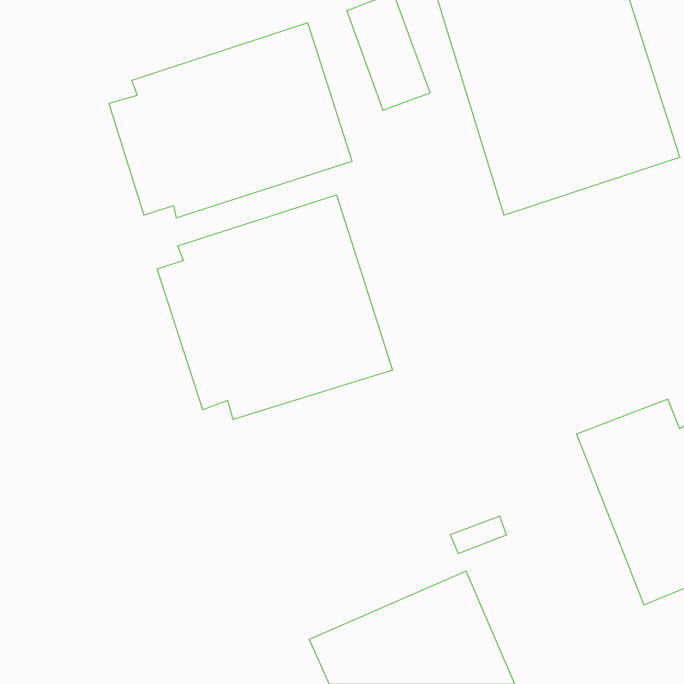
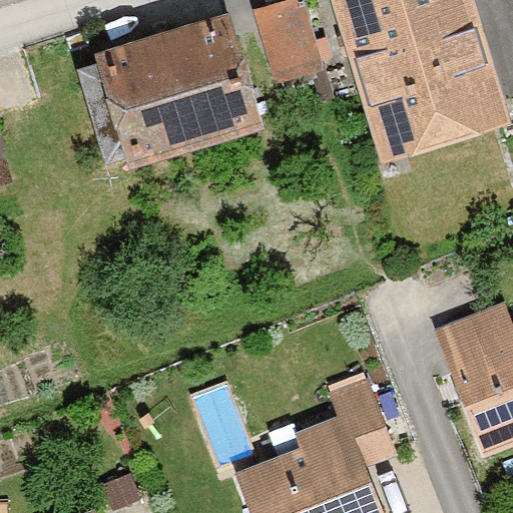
building: [157,195,393,420] -> none

